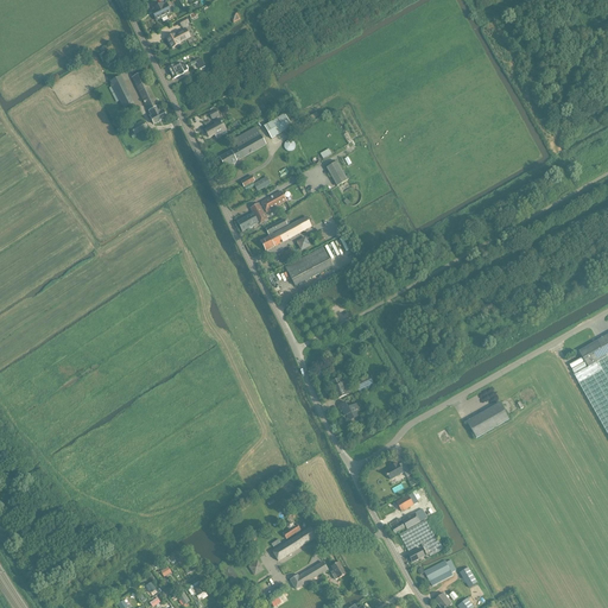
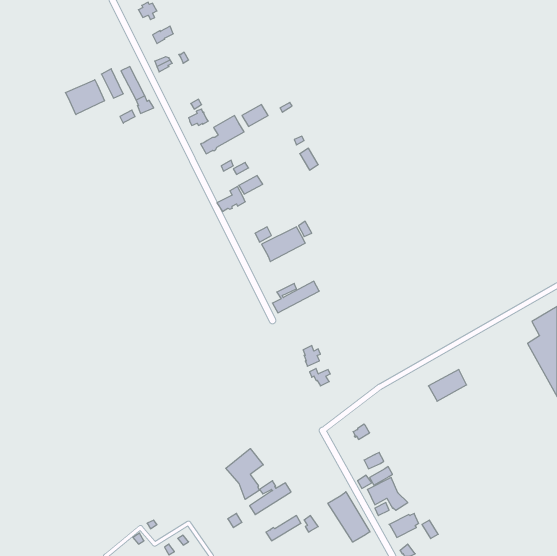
building: none -> [65,80,104,115]
building: [260,216,311,251] -> [272,281,319,313]
building: none -> [226,449,263,499]
building: none -> [328,492,370,542]

